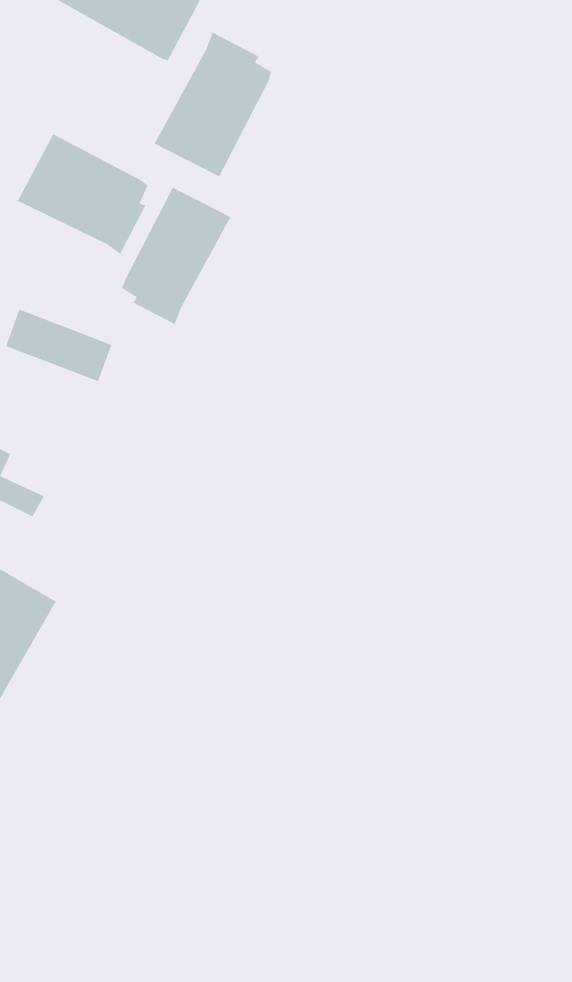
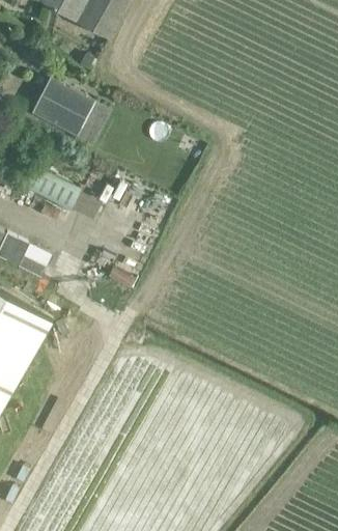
building: [154,32,272,177] -> none
building: [121,187,232,325] -> none

